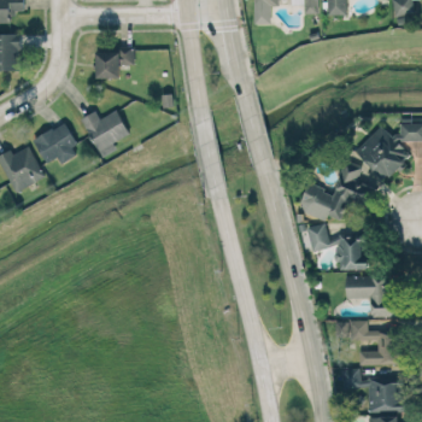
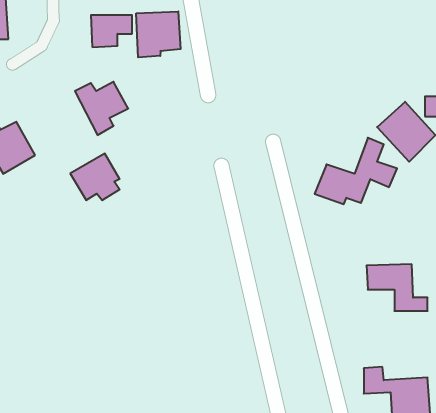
building: none -> [136,11,181,57]
building: [33,122,77,164] -> [70,154,120,200]
building: [306,223,369,272] -> none
building: [334,321,398,364] -> none

